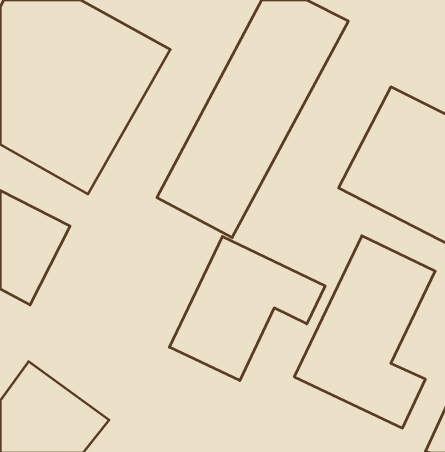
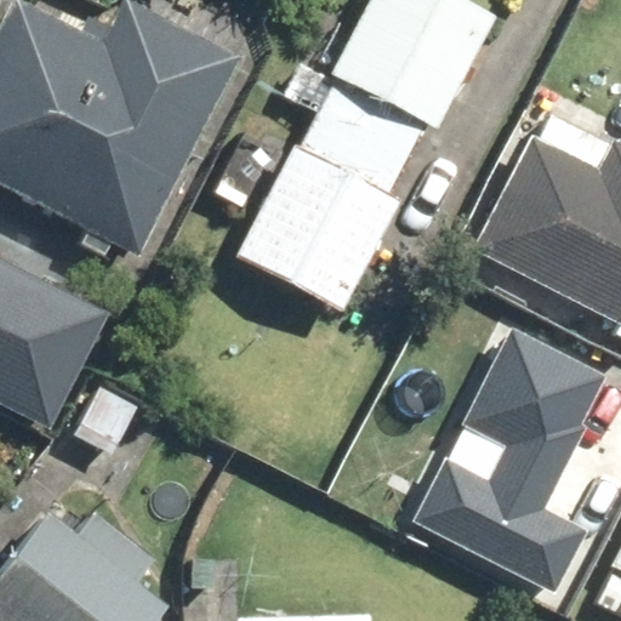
building: [169,236,325,381] -> none

